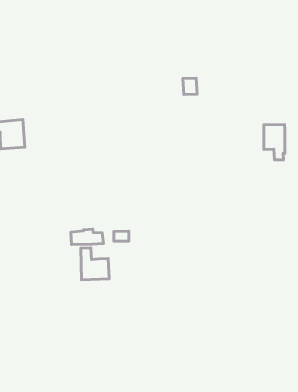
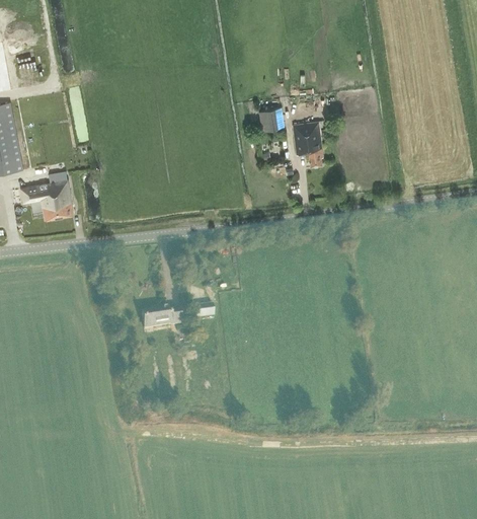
building: [264,124,285,160] -> [294,123,323,167]
building: [81,248,109,280] -> none

